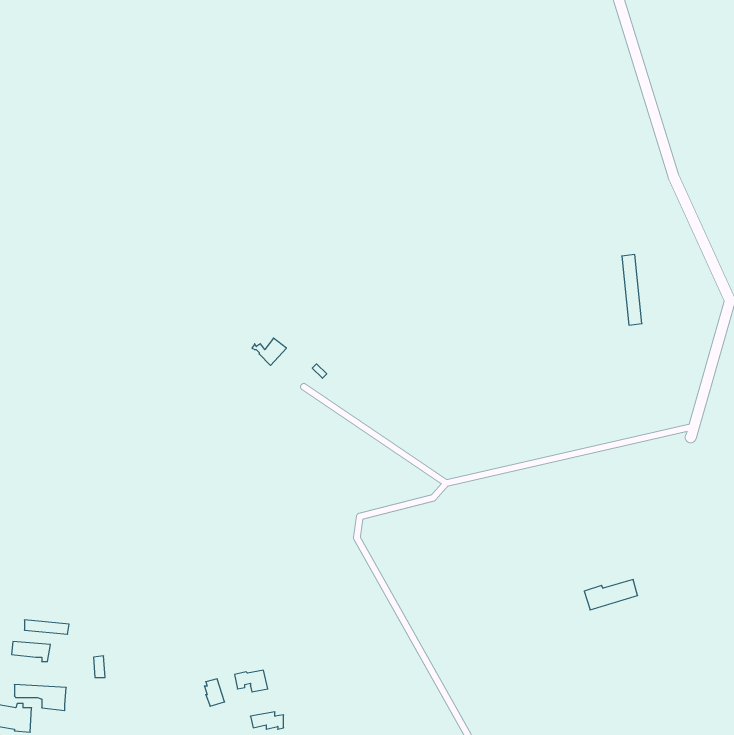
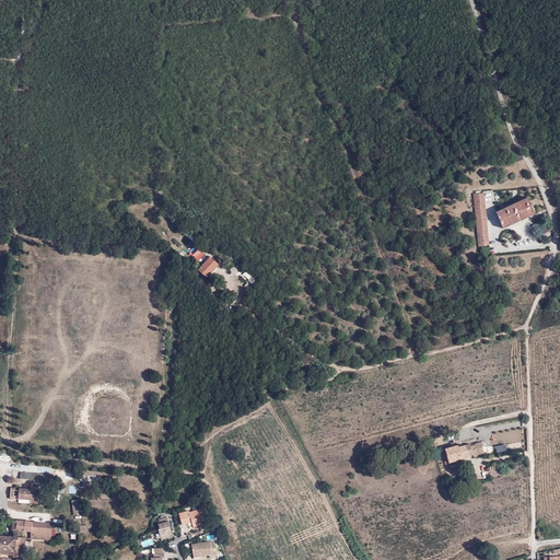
building: none -> [495,198,534,229]

